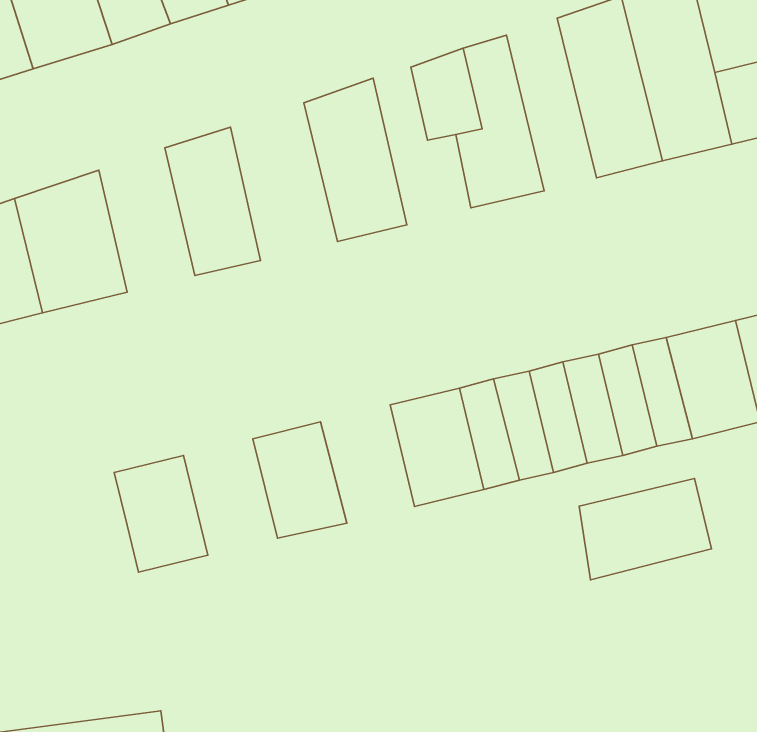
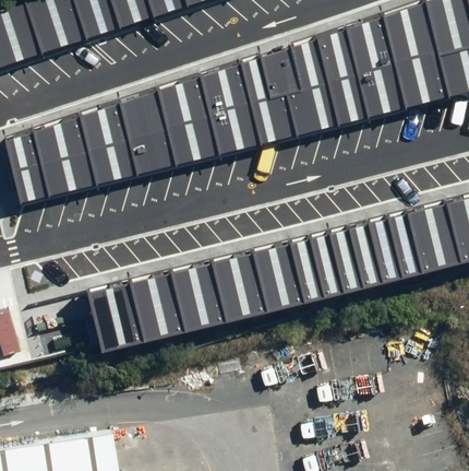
building: none -> [316,26,369,127]
building: none -> [239,55,296,146]
building: none -> [156,75,218,167]
building: none -> [80,102,135,186]
building: none -> [208,251,263,320]
building: none -> [129,271,183,339]
building: [579,478,712,580] -> none

